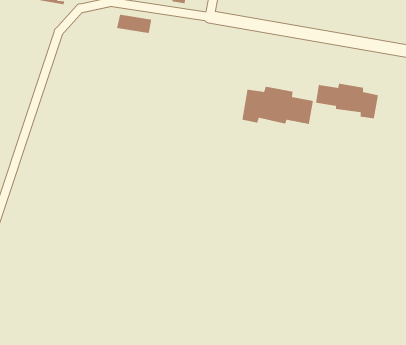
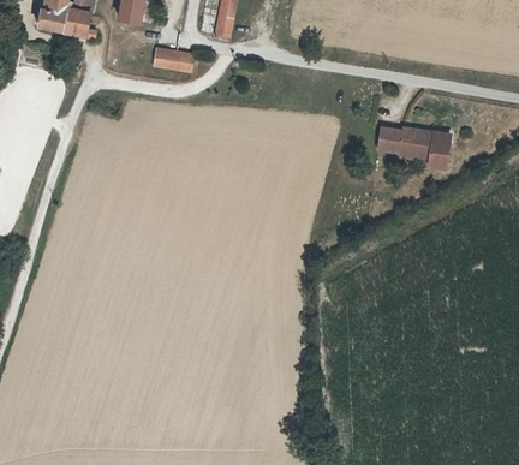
building: [241,86,314,125] -> none

